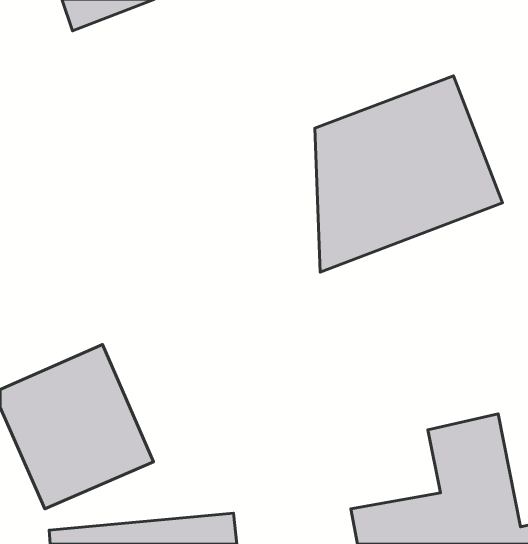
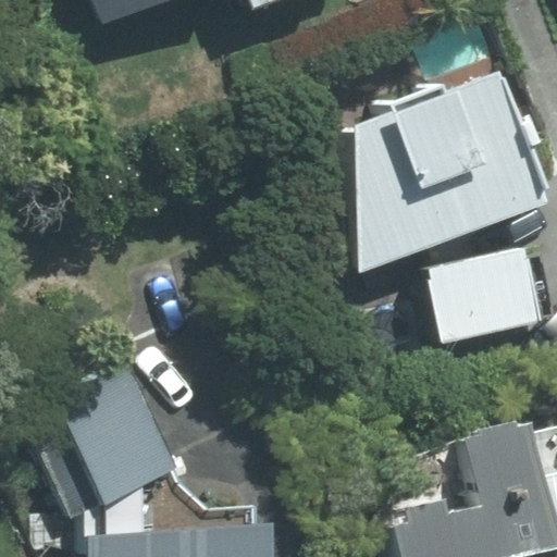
building: none -> [412,251,530,348]

